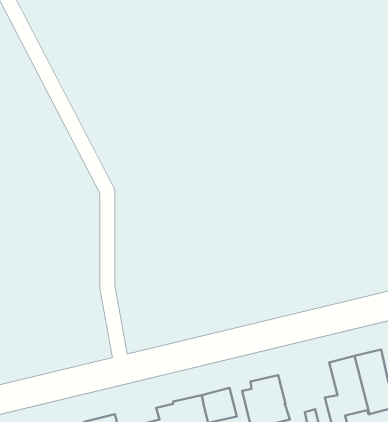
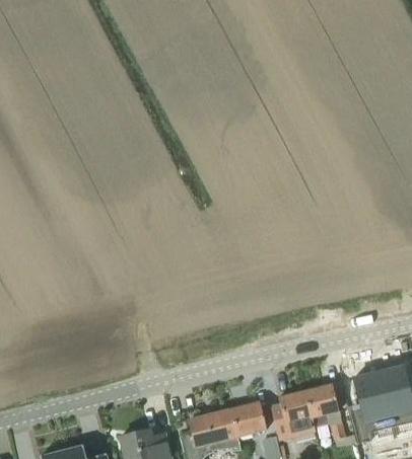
building: none -> [305,384,339,427]

